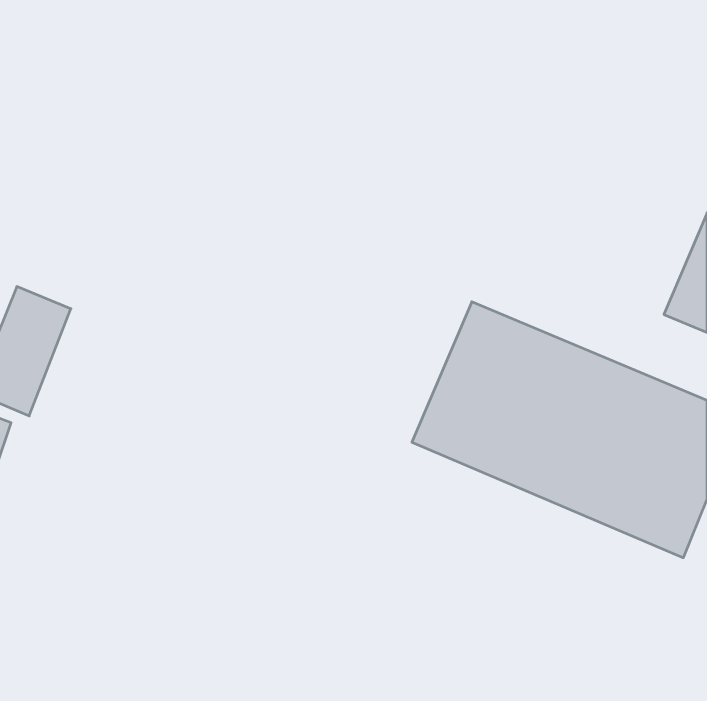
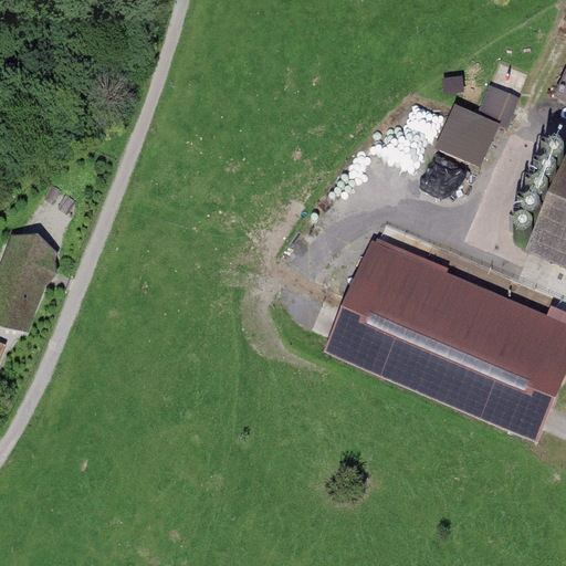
building: none -> [437,75,523,159]

